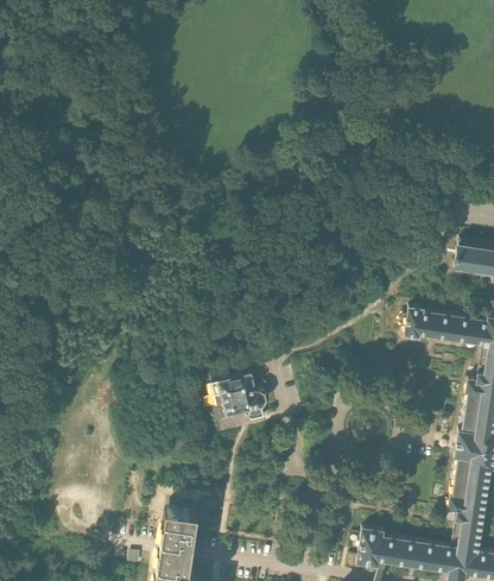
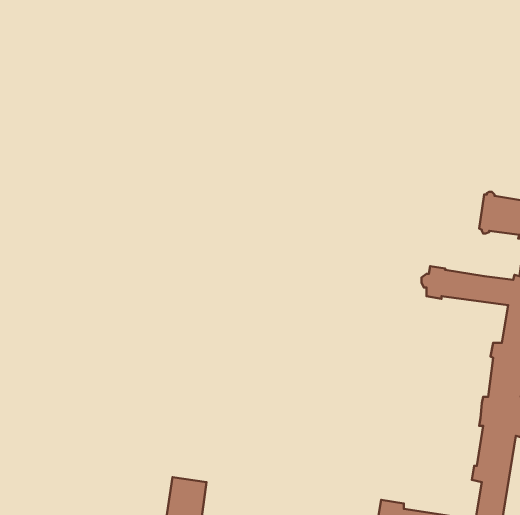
building: [211,374,265,422] -> none

